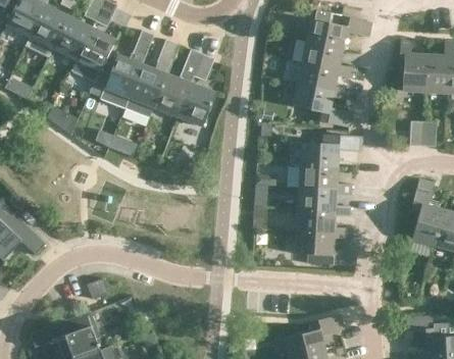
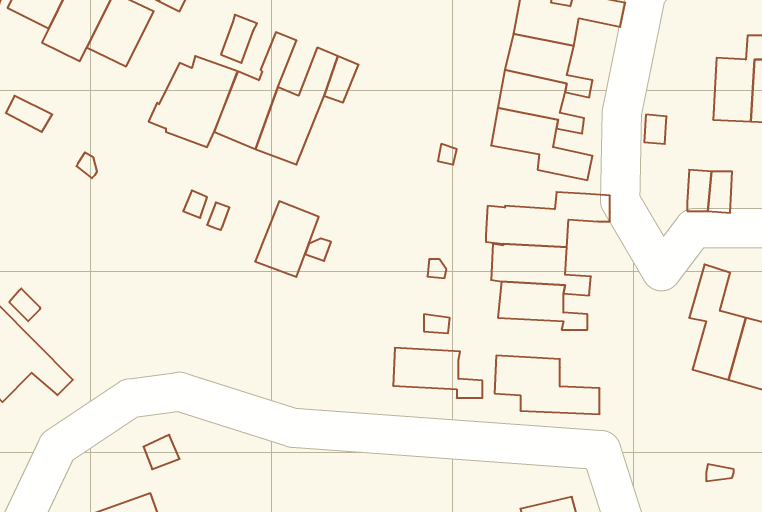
building: [71,28,117,83] -> none
building: [399,40,426,92] -> none
building: [178,83,215,127] -> [255,201,319,277]
building: [296,209,349,239] -> [393,348,482,398]

